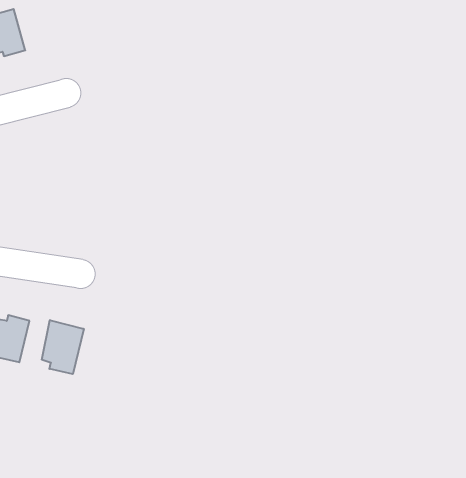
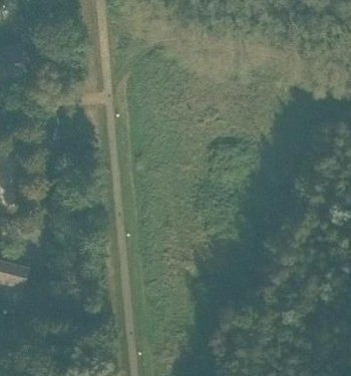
building: [42,320,84,374] -> none

